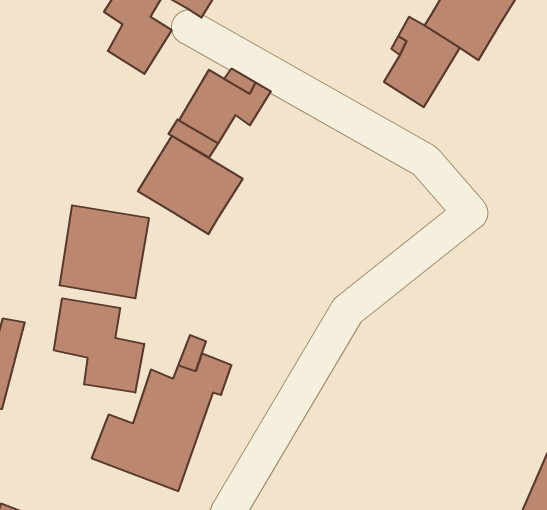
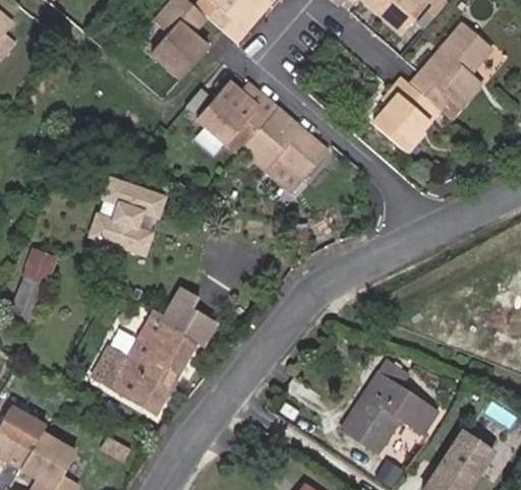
building: [138,136,243,234] -> [246,110,332,193]
building: [54,298,144,393] -> none
building: none -> [339,360,437,452]

